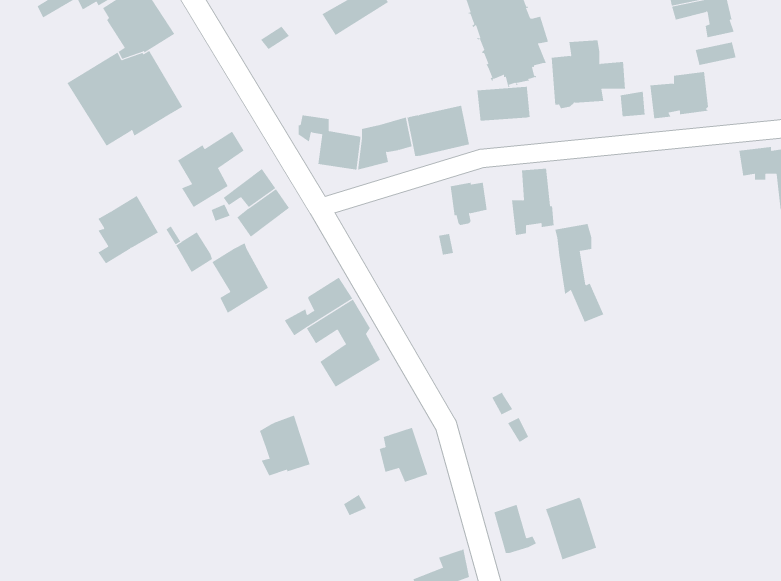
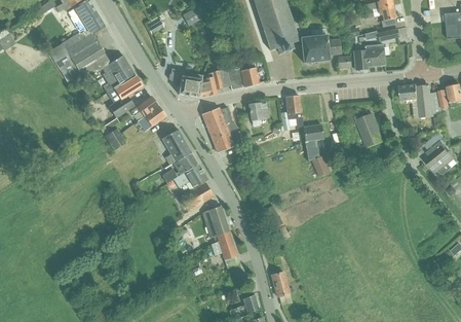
building: [477,86,530,122] -> none
building: none -> [202,106,242,151]
building: [98,195,159,264] -> [103,55,135,91]
building: none -> [356,112,383,146]
building: [212,242,269,314] -> [161,128,191,165]
building: [259,415,310,476] -> [202,204,229,236]
building: [545,497,597,560] -> none

